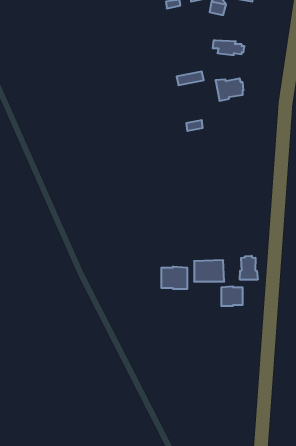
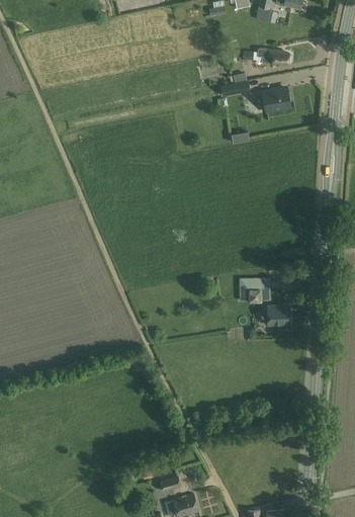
building: [240,256,258,280] -> none
building: [161,266,187,289] -> none

